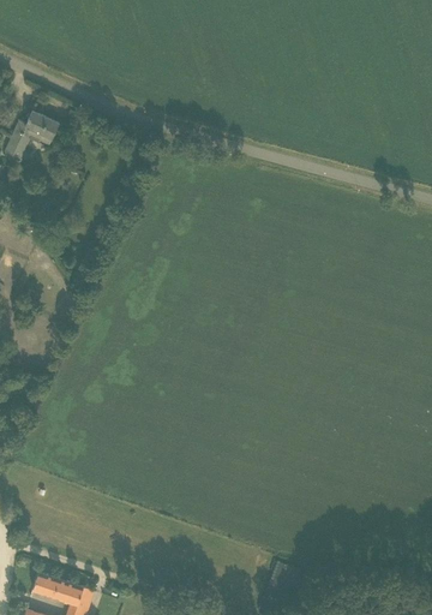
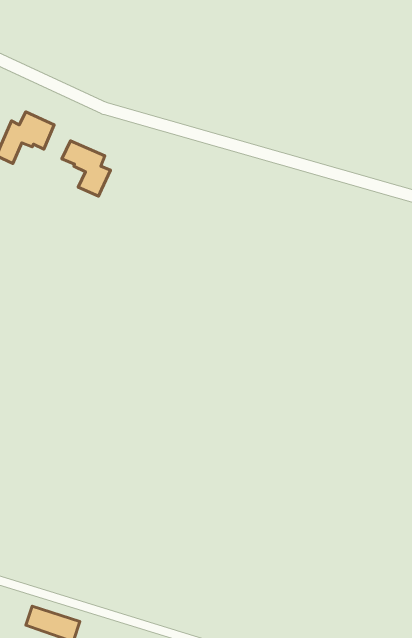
building: none -> [62,141,110,196]

